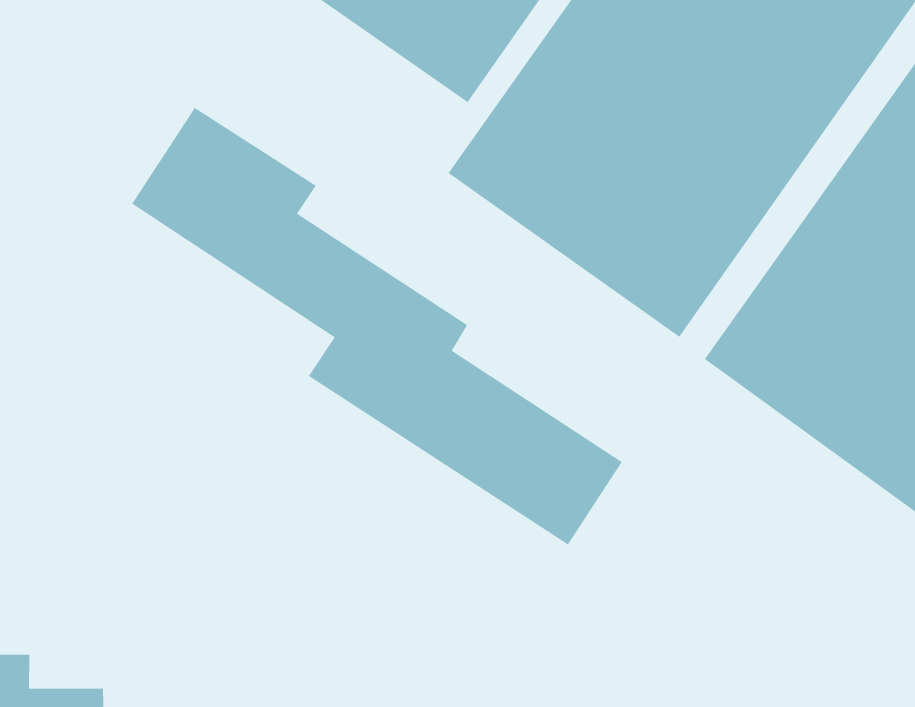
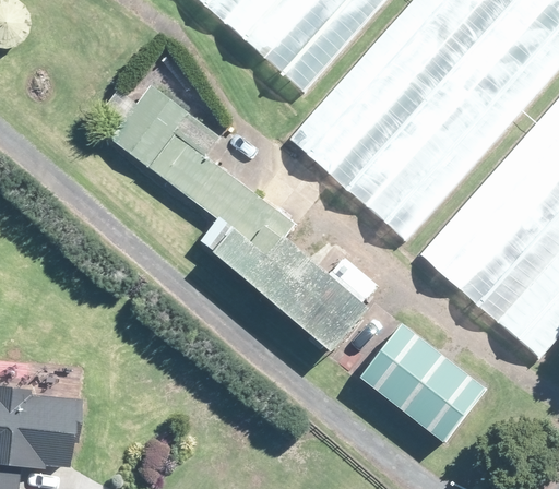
building: none -> [358,319,490,443]

